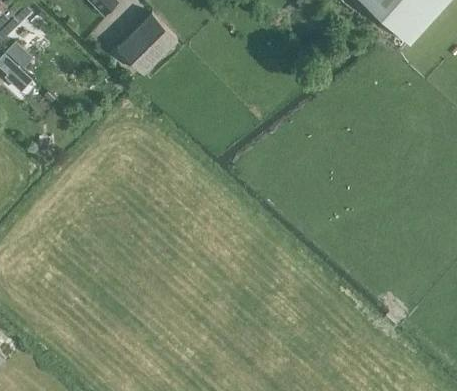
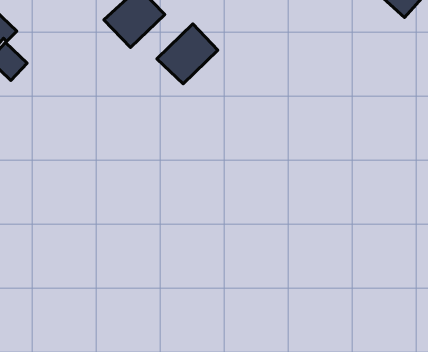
building: none -> [157,24,218,84]

